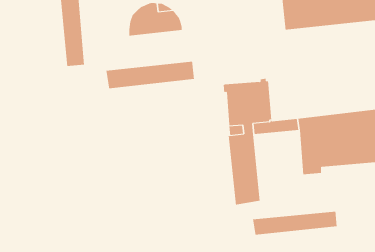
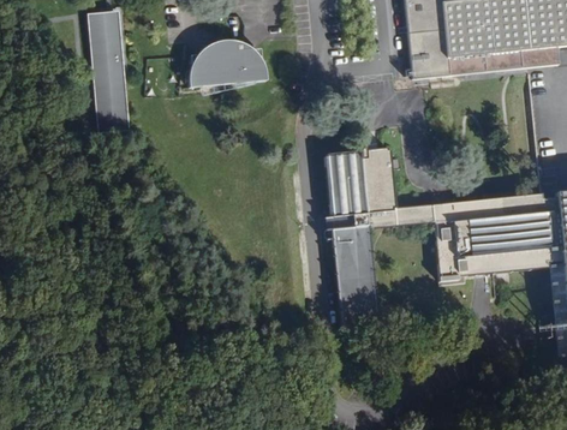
building: [106,61,194,89] -> none
building: [252,211,337,236] -> none

